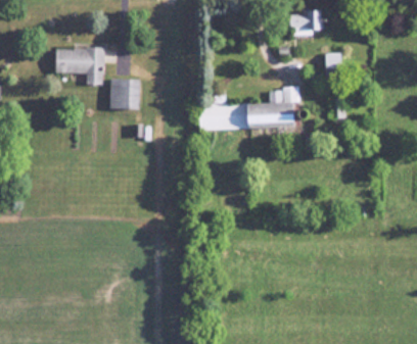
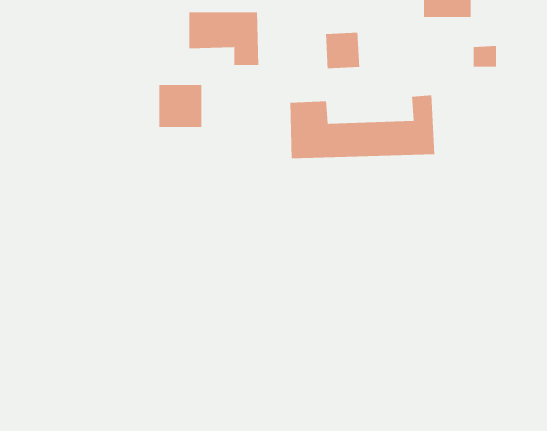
building: none -> [325,32,360,69]
building: [56,48,104,85] -> [189,12,259,66]

